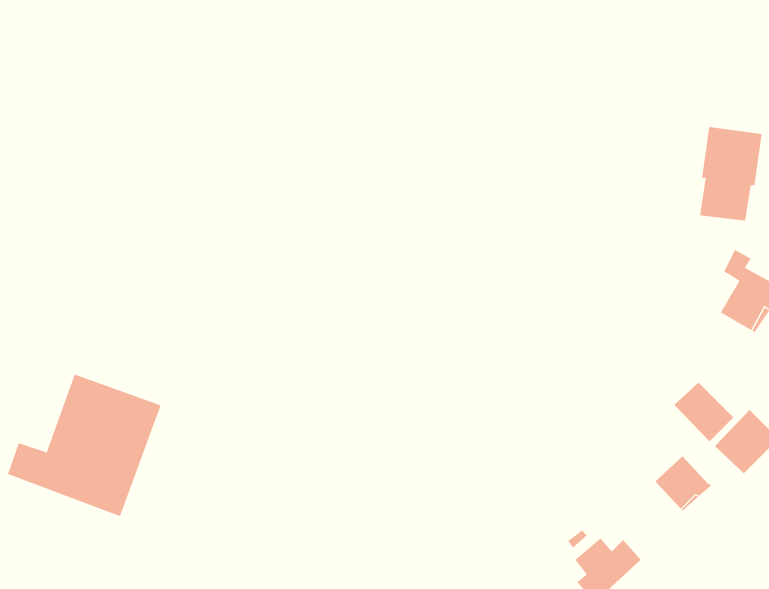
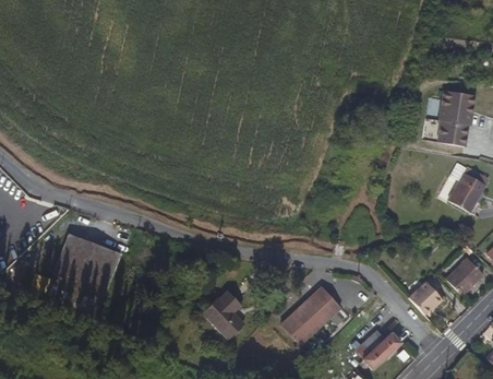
building: [674,382,734,442] -> none
building: none -> [282,287,340,345]
building: none -> [203,292,244,339]

